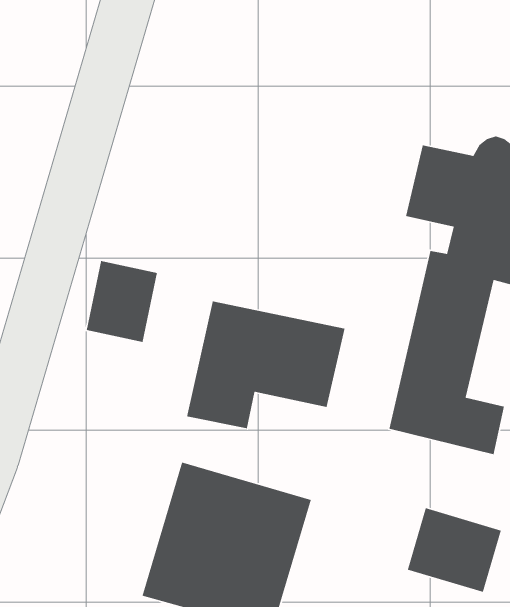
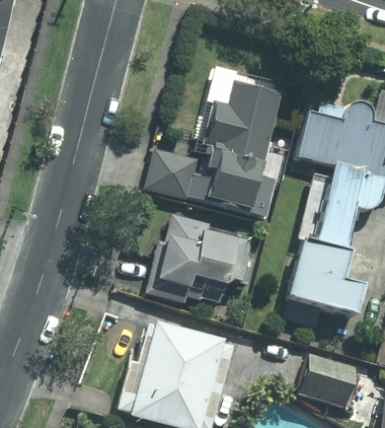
building: none -> [145,86,284,216]
building: [86,260,158,343] -> none

